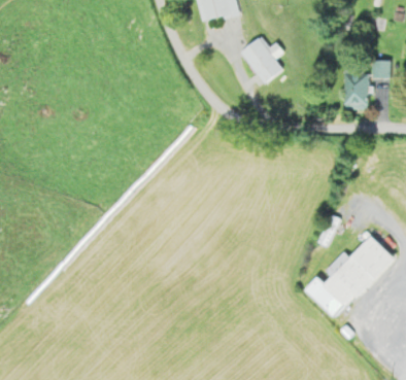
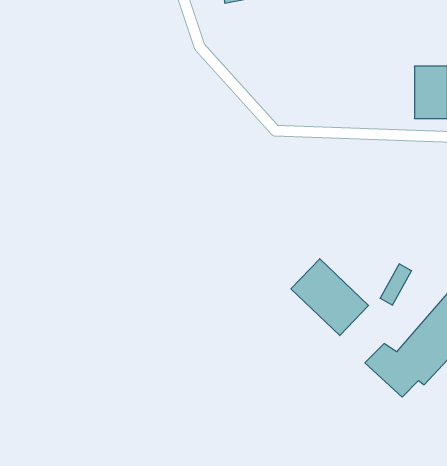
building: [238,36,282,83] -> none
building: none -> [291,259,369,336]

